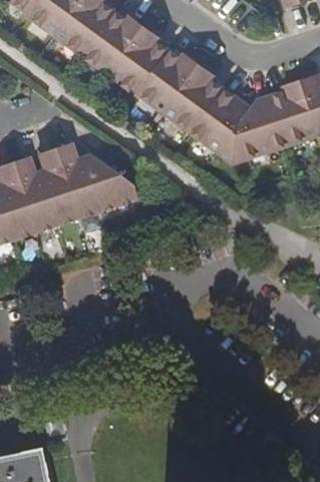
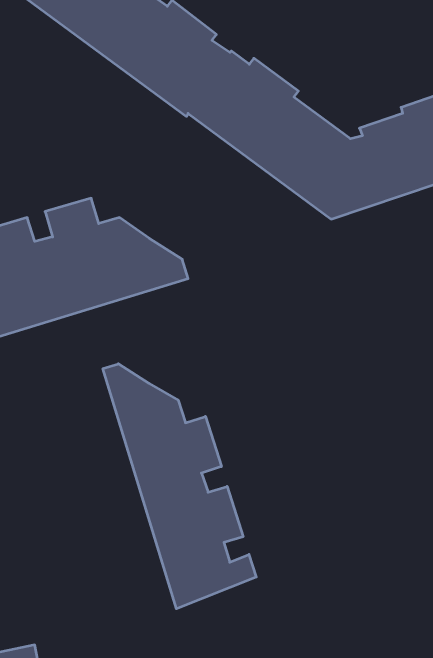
building: none -> [103,364,256,609]

